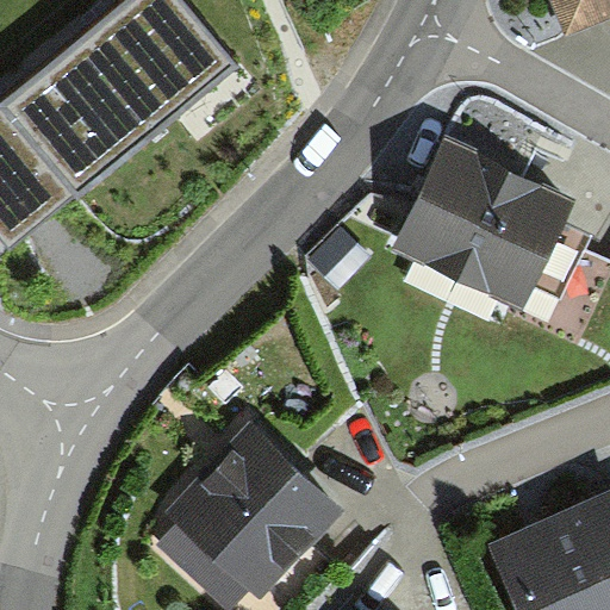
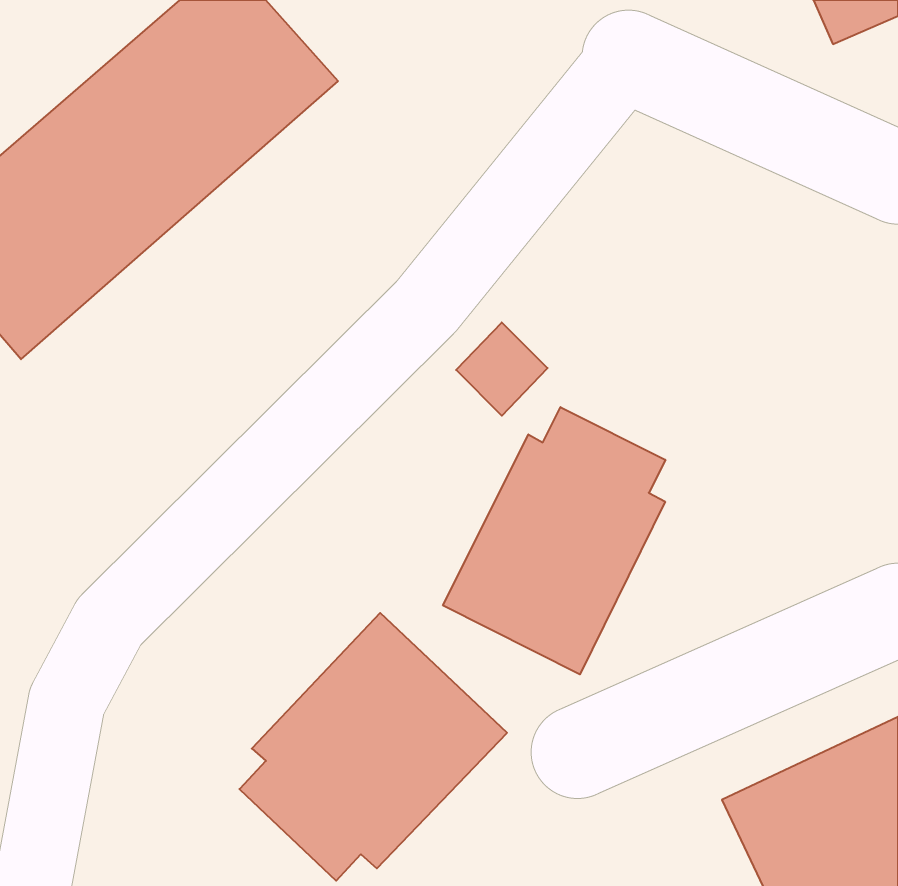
building: [384,131,591,313] -> none
building: none -> [443,407,665,674]

